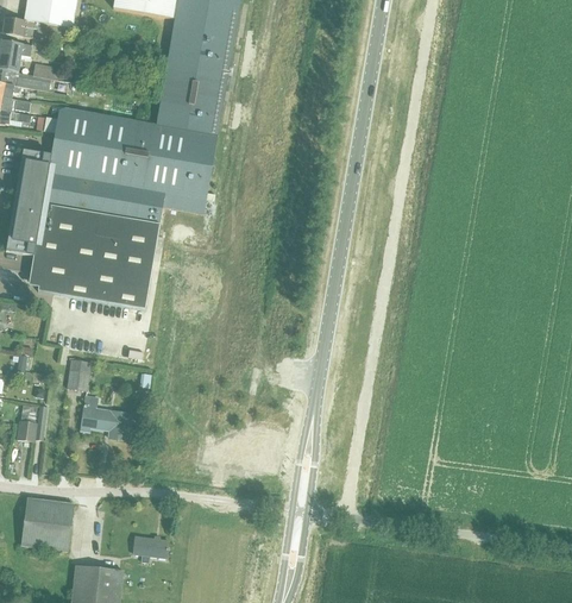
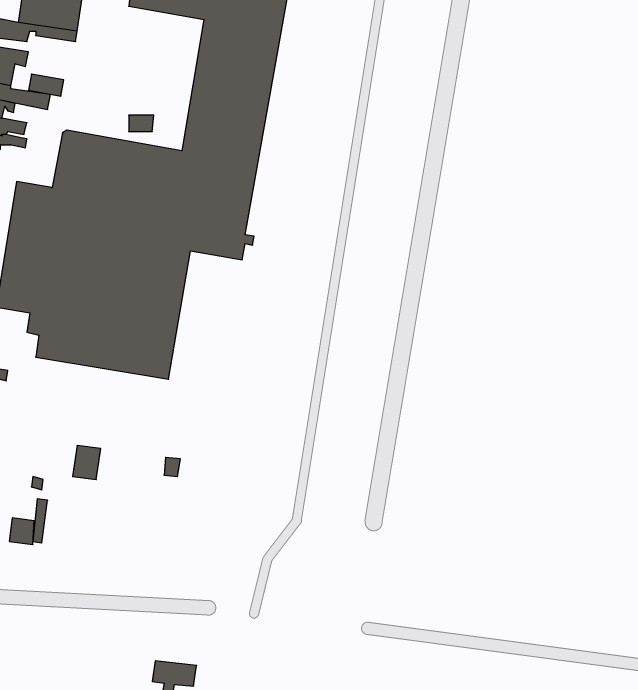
building: [82,394,132,439] -> none
building: [20,497,74,551] -> none

